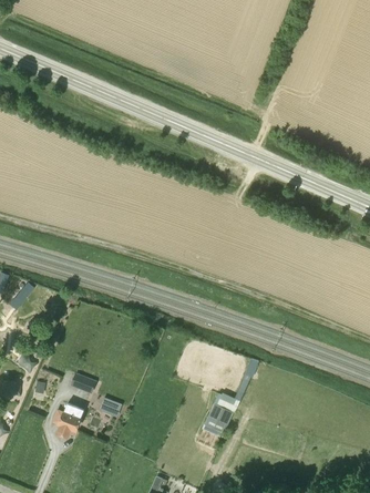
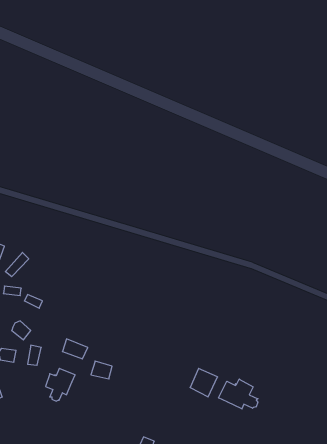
building: none -> [219,379,258,409]

